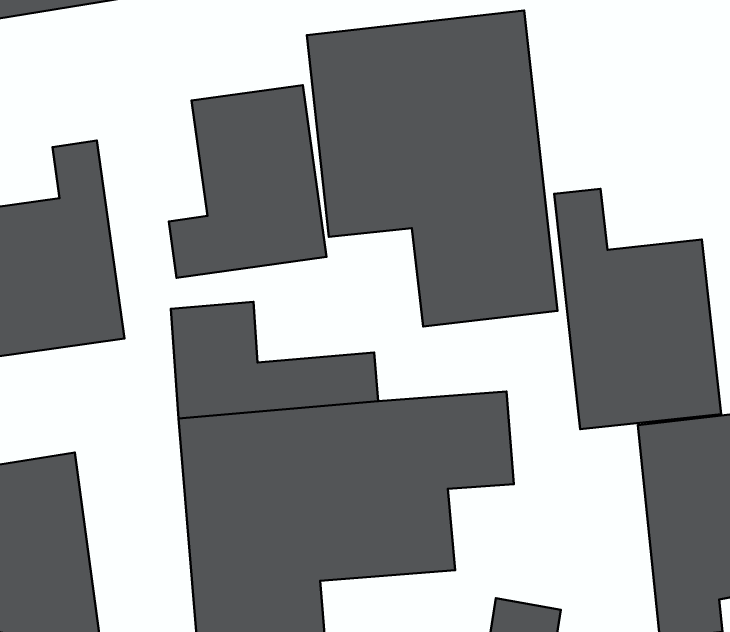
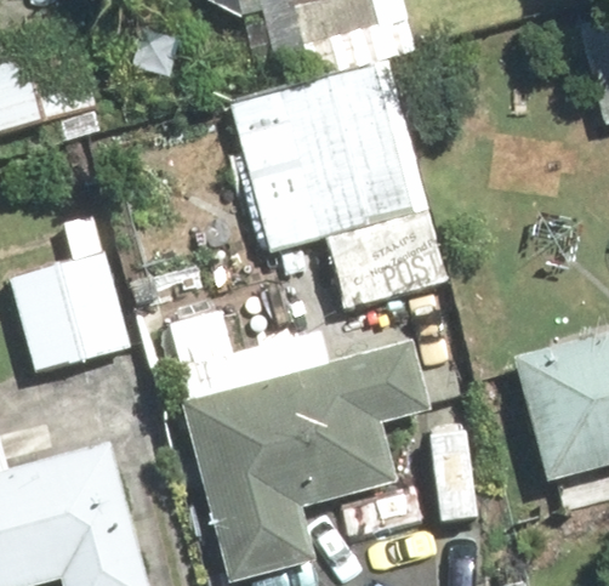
building: [169,85,327,278] -> none
building: [554,189,721,429] -> none

